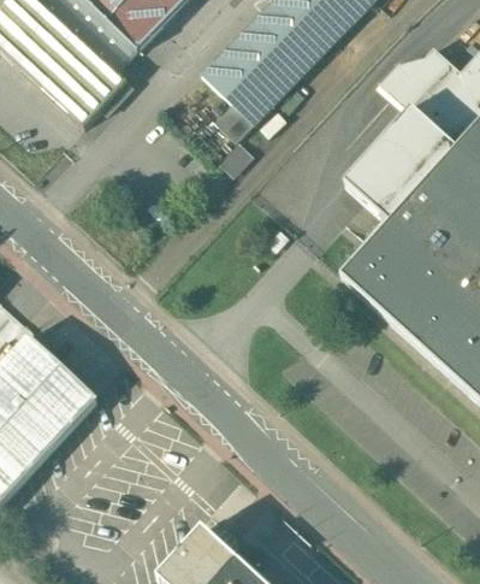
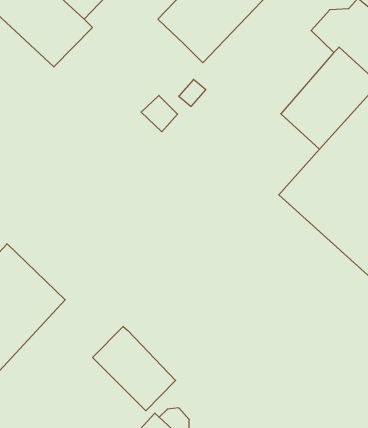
building: [211,100,253,142] -> [141,95,178,132]
building: none -> [93,326,176,411]

